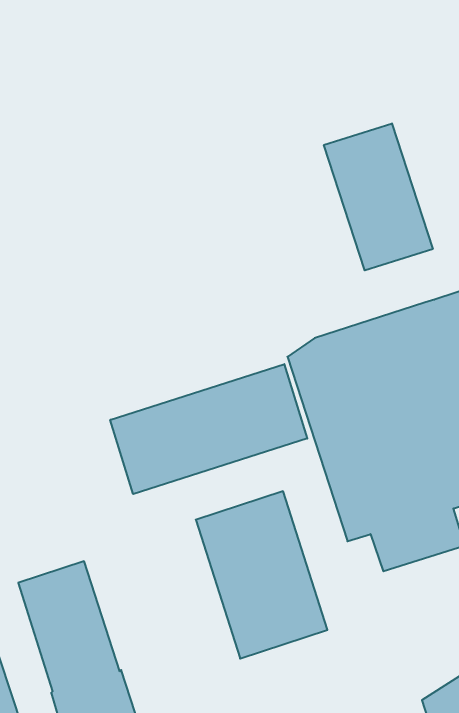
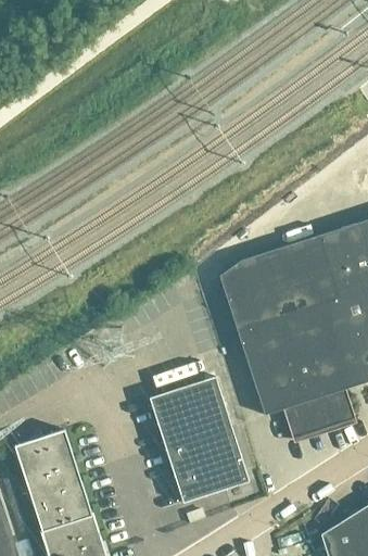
building: [324,123,433,270] -> none
building: [110,364,307,494] -> none

